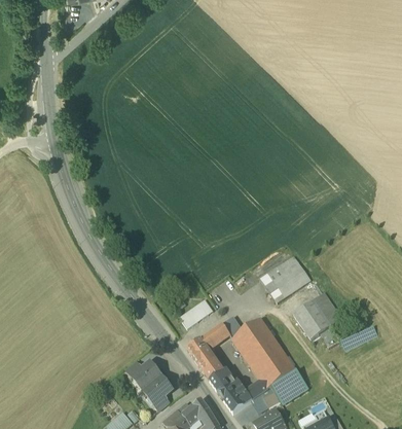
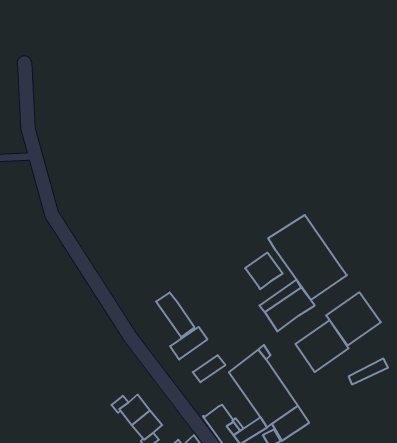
building: none -> [268,215,347,300]
building: none -> [245,253,283,289]
building: none -> [326,292,381,345]
building: [187,339,222,381] -> [156,292,194,338]

